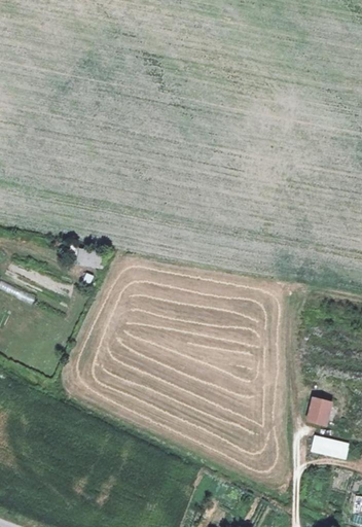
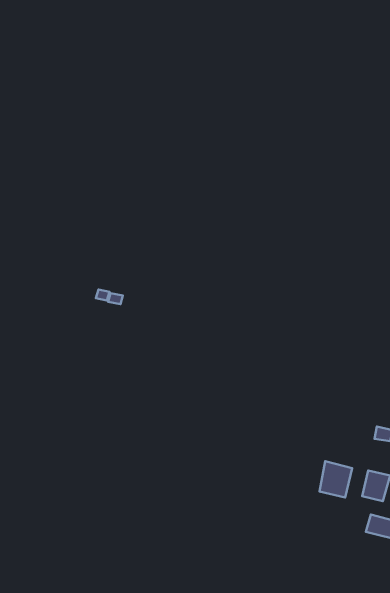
building: none -> [320,461,352,498]

